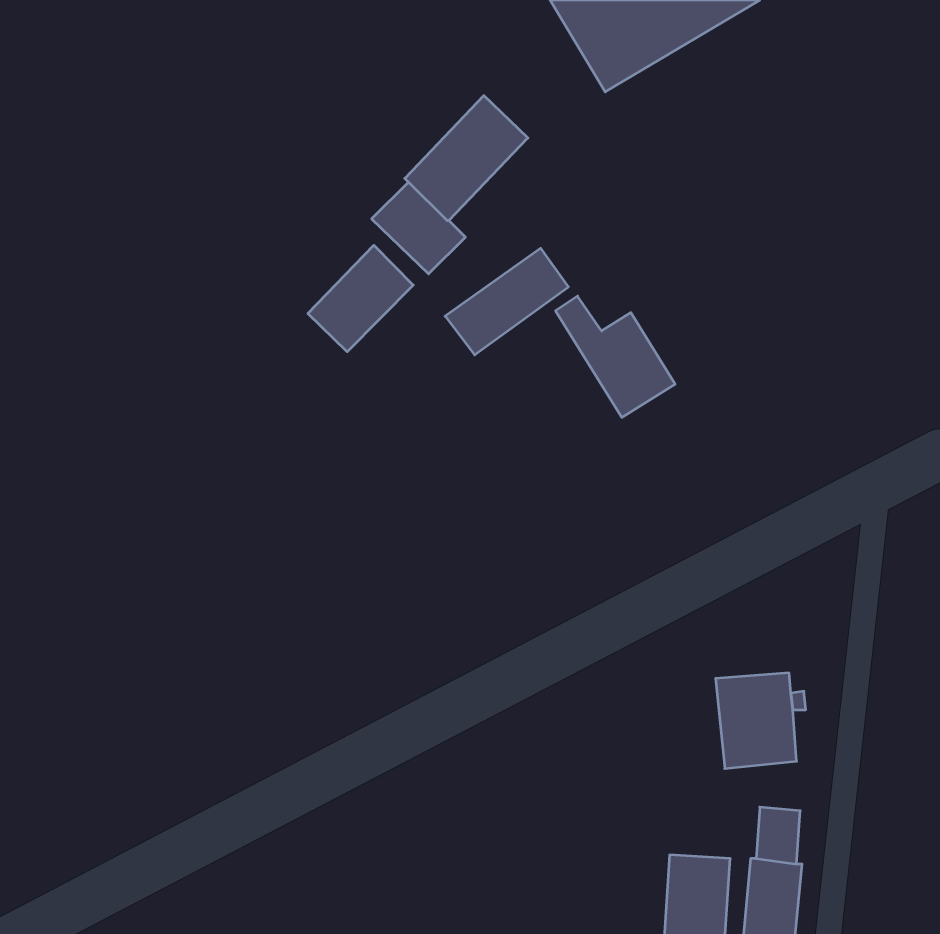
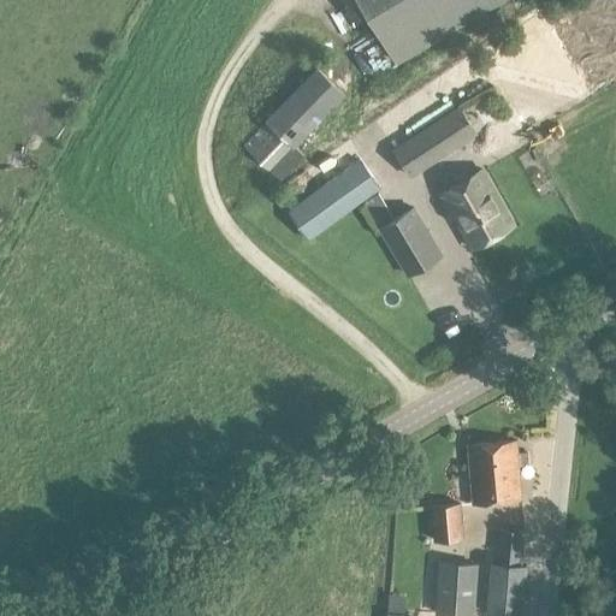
building: none -> [392,107,475,179]
building: [308,245,413,352] -> none
building: none -> [440,172,513,251]
building: none -> [430,507,463,546]

